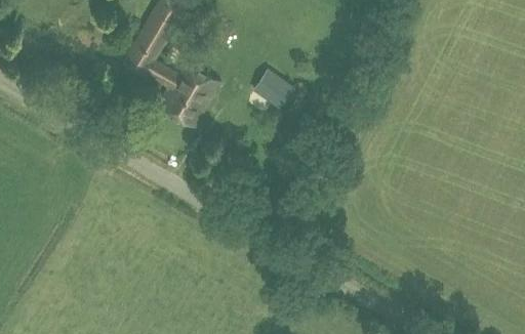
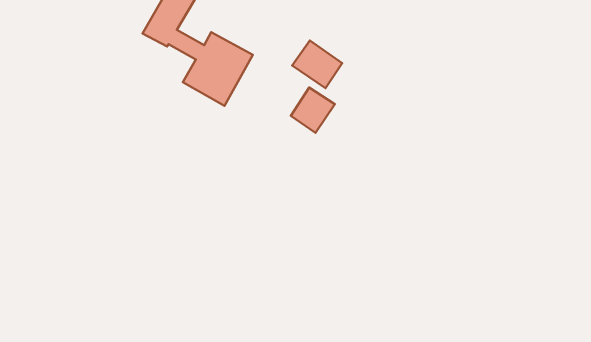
building: none -> [291,88,335,133]

